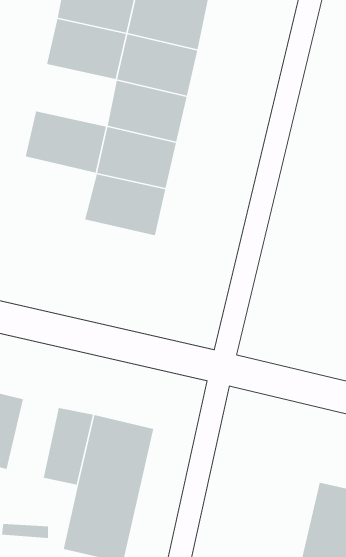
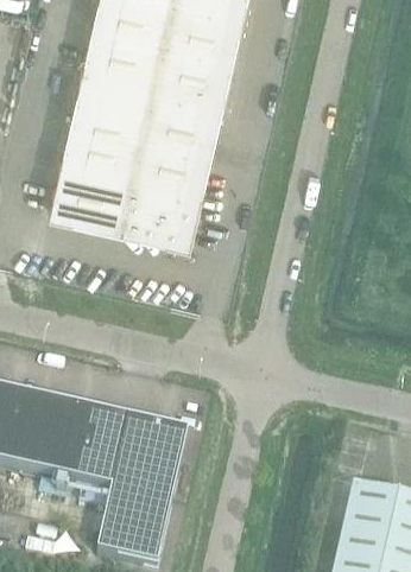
building: none -> [70,71,151,133]
building: none -> [49,164,131,227]
building: none -> [42,406,93,485]

